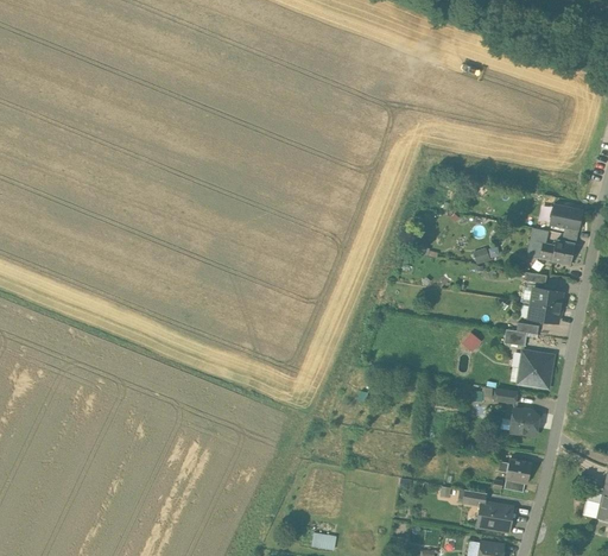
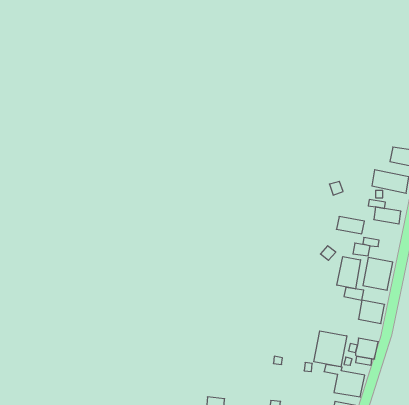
building: [525,299,562,322] -> [336,217,364,234]
building: none -> [337,257,361,289]
building: none -> [314,331,347,367]

